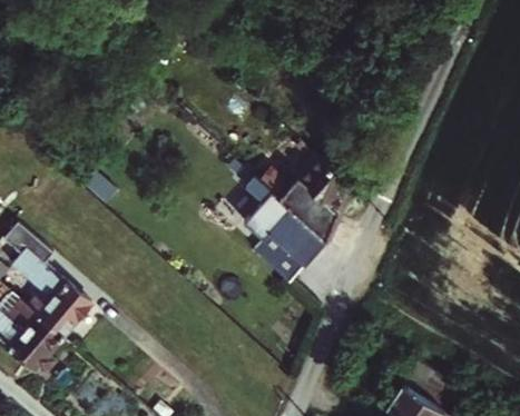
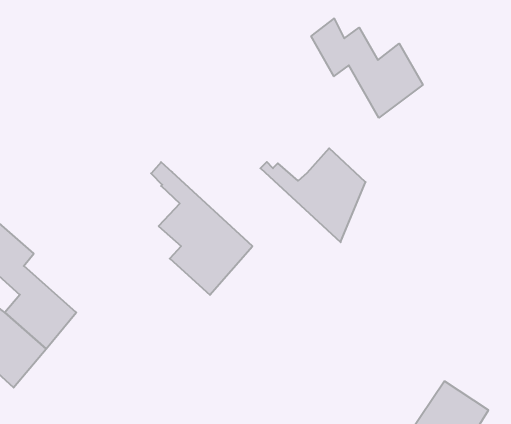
building: none -> [311,18,423,118]
building: [235,167,325,285] -> [151,162,252,295]

